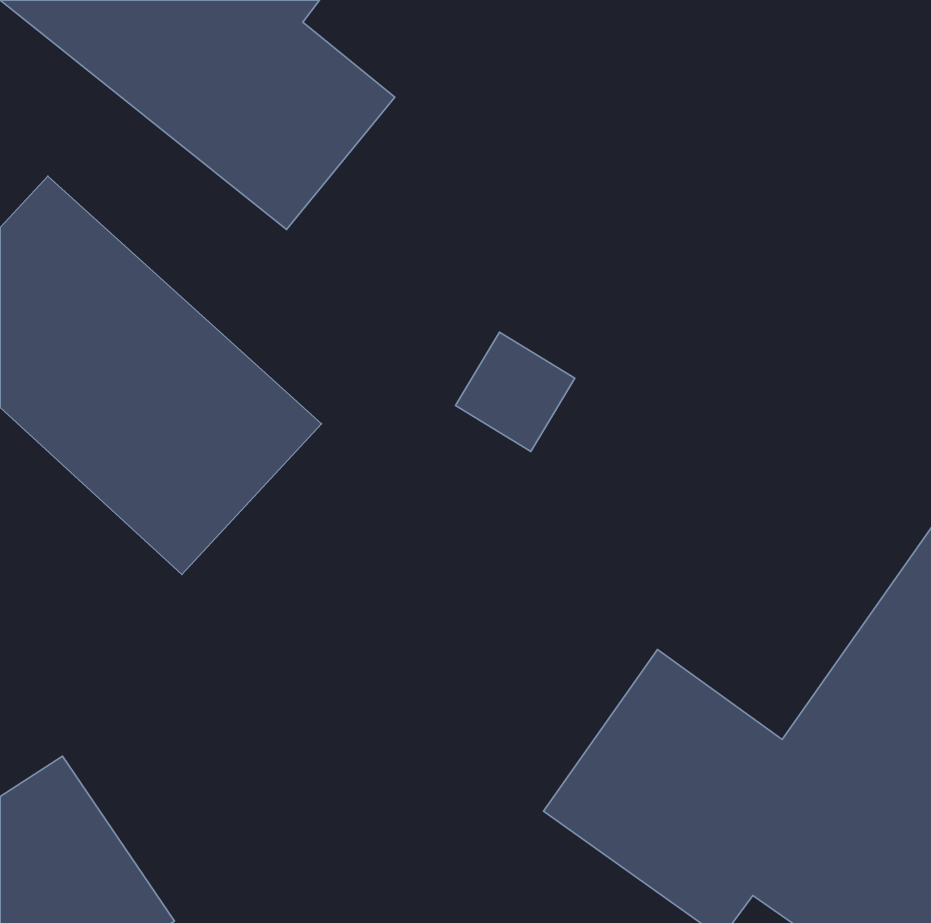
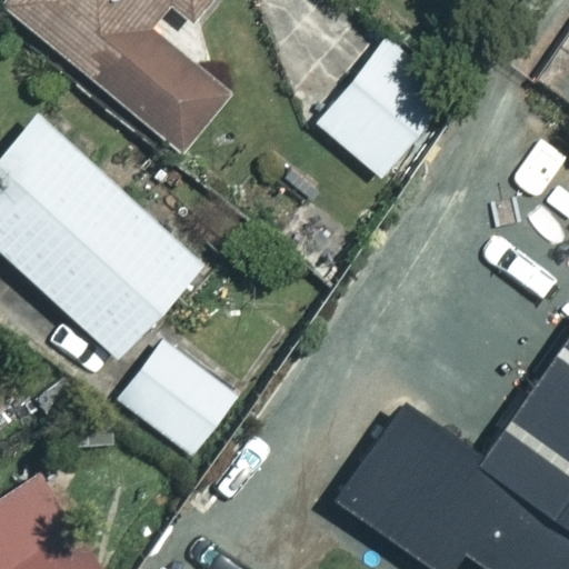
building: none -> [316,42,452,181]
building: none -> [117,340,239,458]

